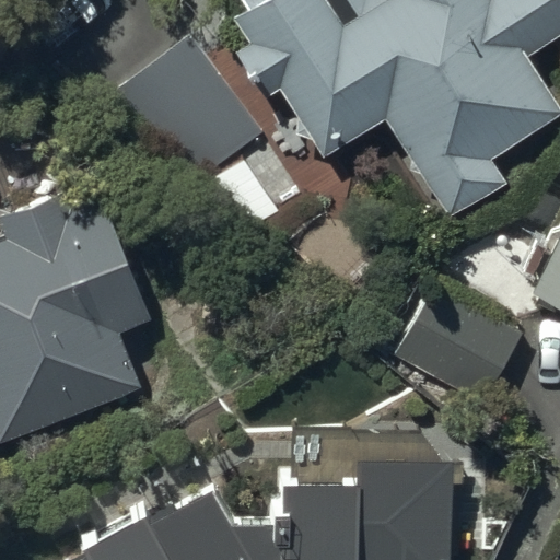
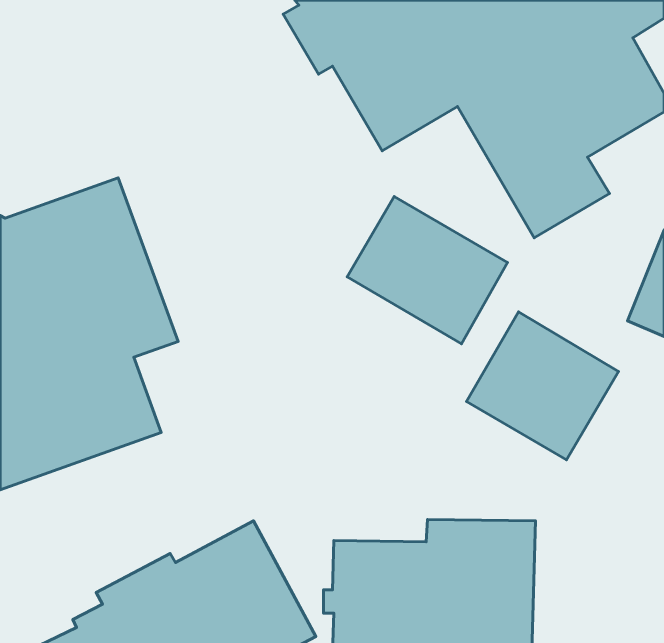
building: [115,35,262,192] -> none
building: none -> [347,197,508,344]

